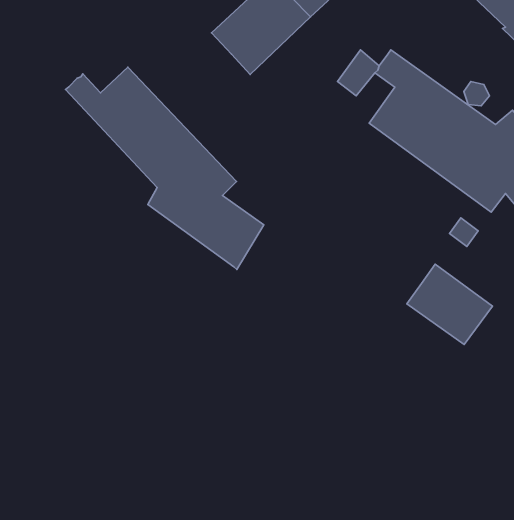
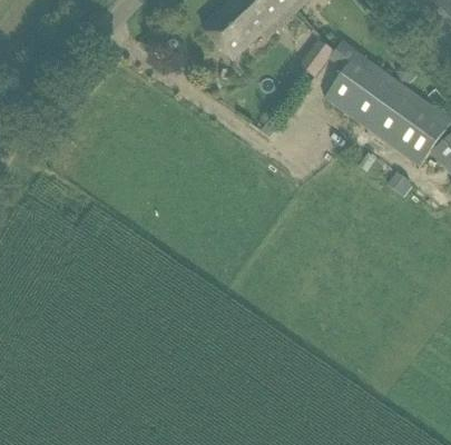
building: [65,67,264,269] -> none
building: [407,264,493,345] -> none

